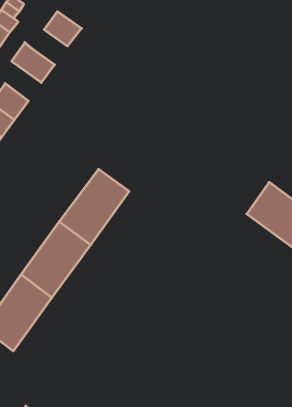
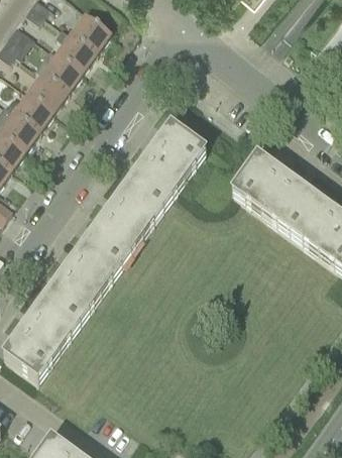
building: none -> [54,27,96,73]
building: none -> [28,74,68,112]
building: none -> [129,127,204,210]
building: none -> [232,158,314,234]

